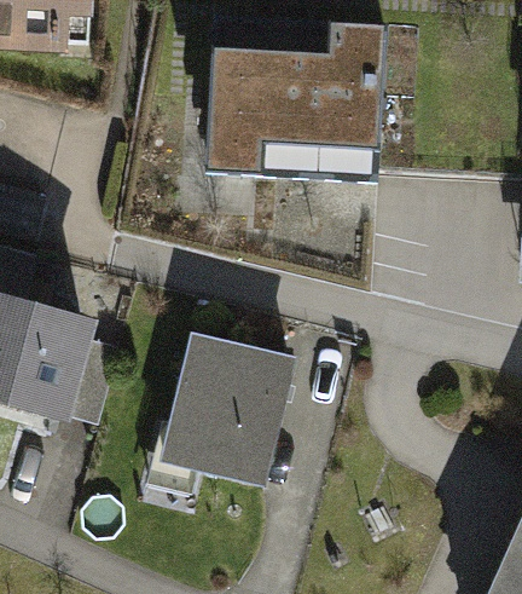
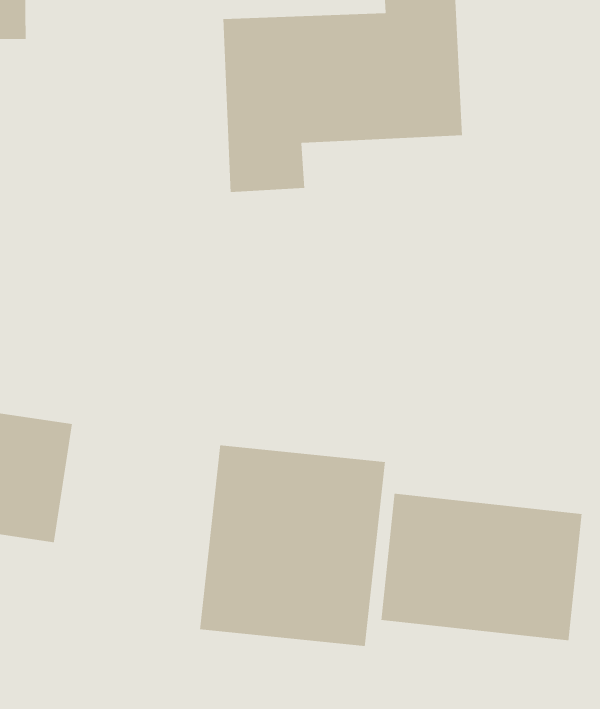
building: none -> [381,493,583,641]

